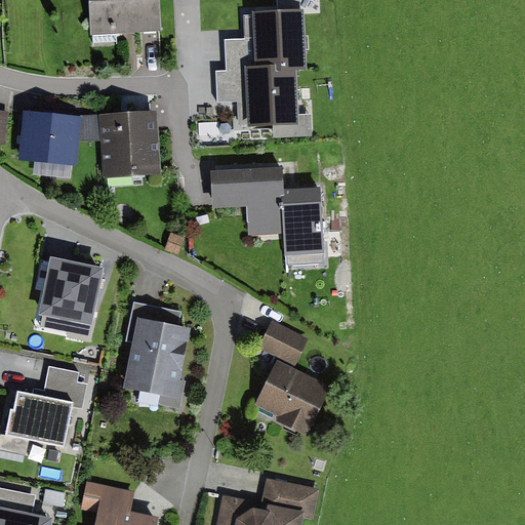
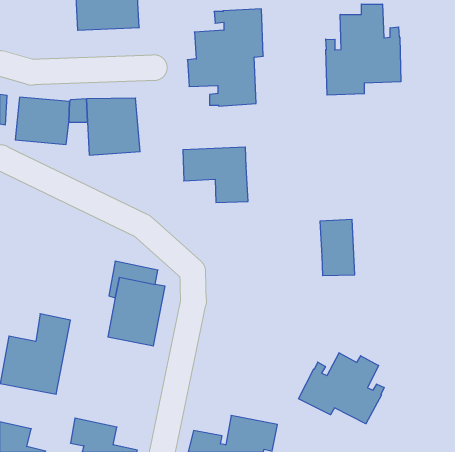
building: none -> [326,4,401,95]
building: [283,190,323,254] -> [320,219,355,276]
building: [38,260,104,328] -> none
building: [254,320,330,436] -> none
building: none -> [299,353,384,424]

